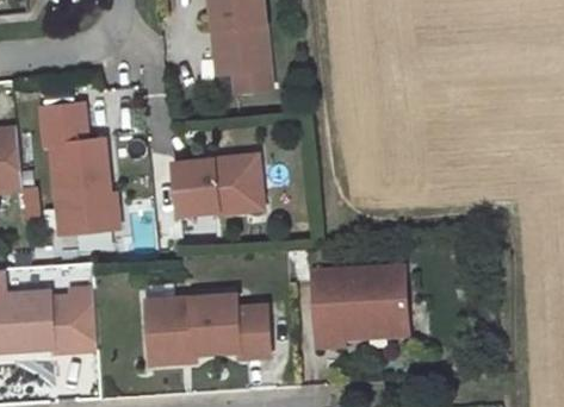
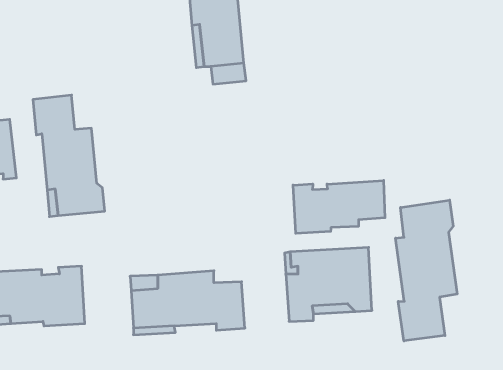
building: [172,155,262,215] -> none
building: none -> [293,180,385,233]
building: none -> [396,200,457,341]

